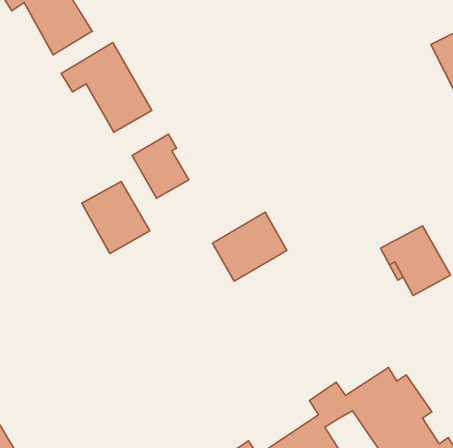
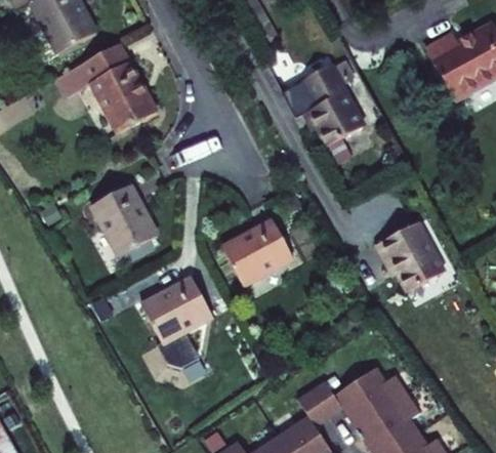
building: none -> [300,65,363,146]
building: [132,134,189,198] -> none
building: none -> [131,277,204,376]

